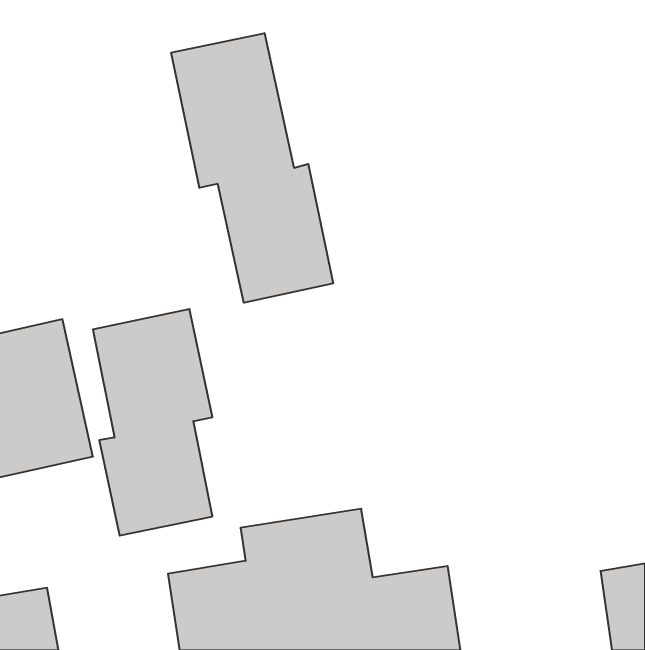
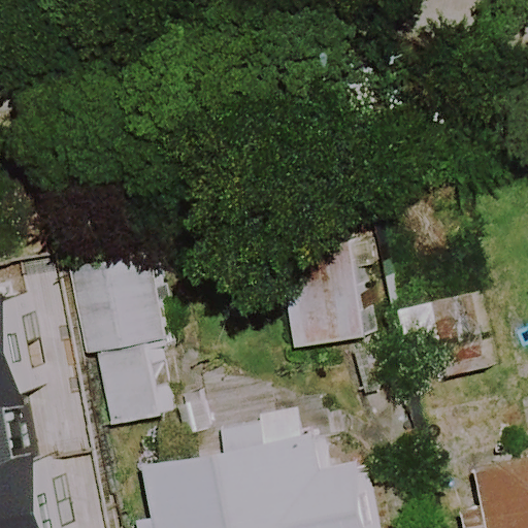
building: [171,33,333,303] -> none

